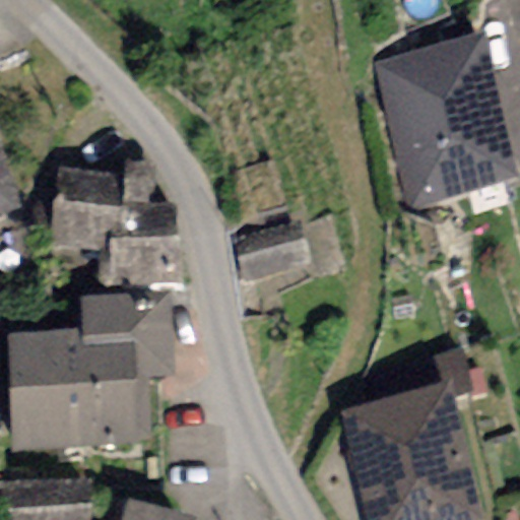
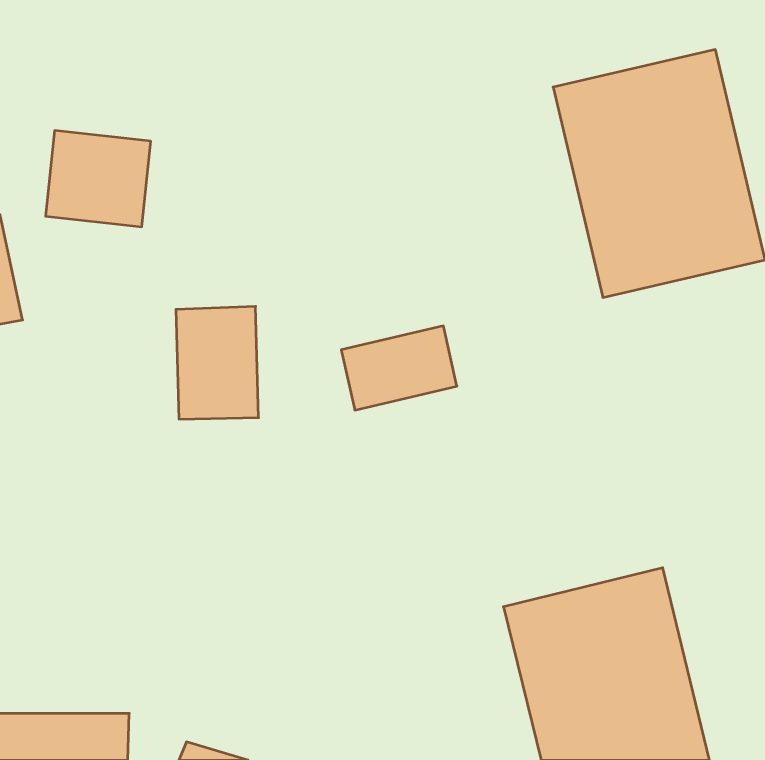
building: [49,174,120,239] -> [46,131,151,227]
building: [5,297,173,452] -> none

